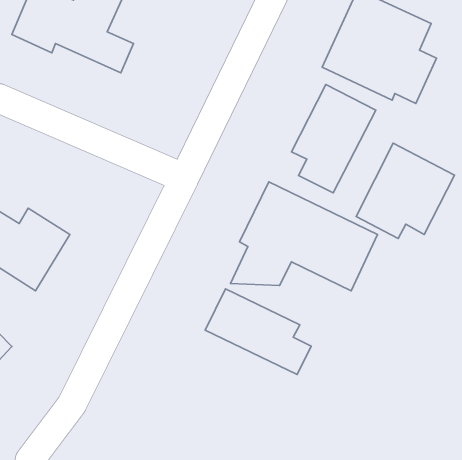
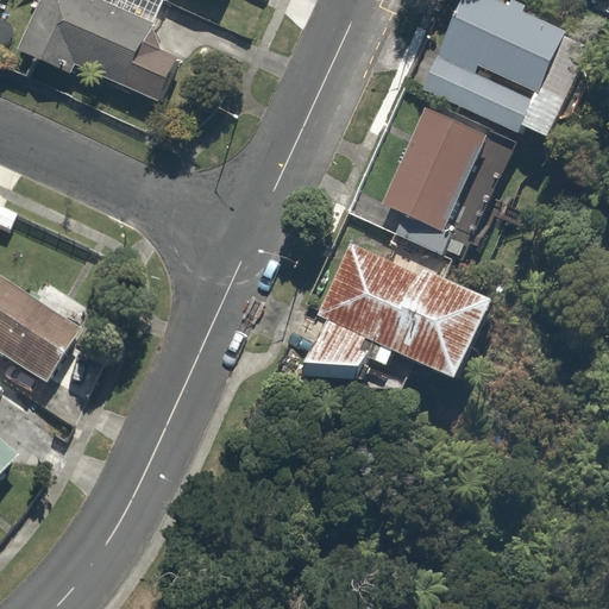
building: [356,143,455,239] -> none
building: [205,289,311,374] -> none

